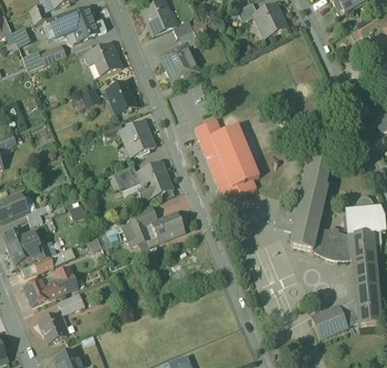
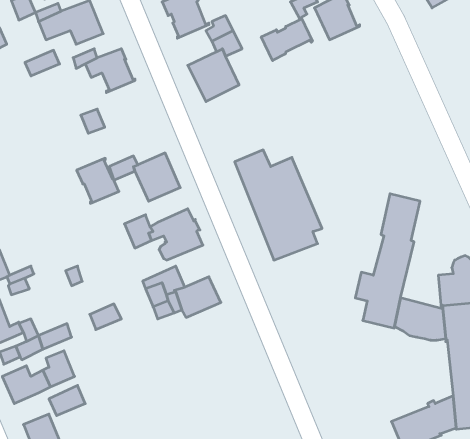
building: none -> [261,18,312,61]
building: [106,80,137,113] -> [77,158,119,203]

